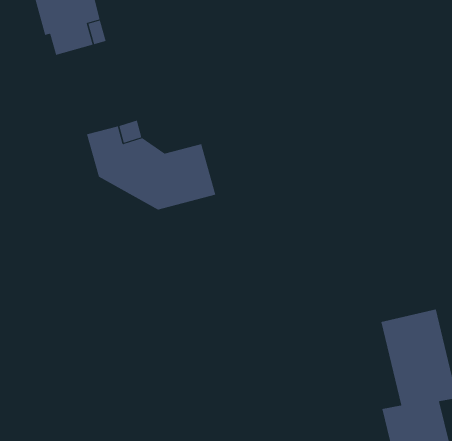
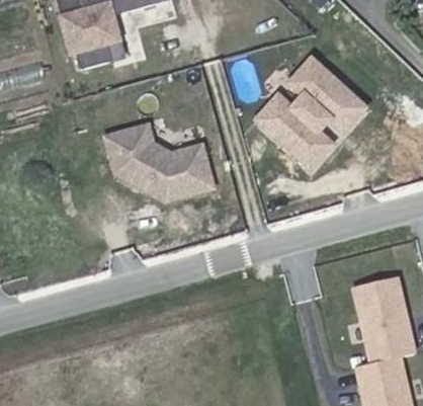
building: none -> [261,64,370,173]

